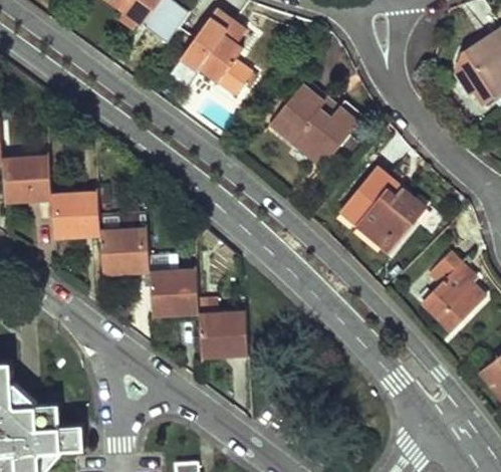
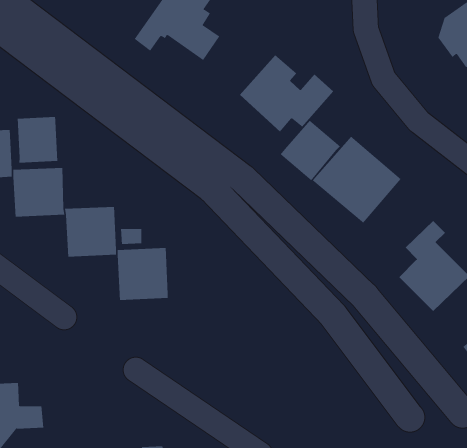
building: none -> [17,116,58,163]
building: none -> [280,120,341,181]
building: [202,312,249,360] -> none

